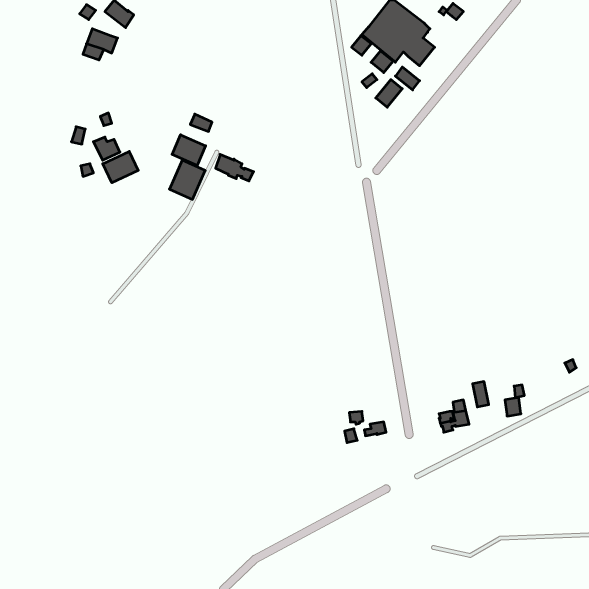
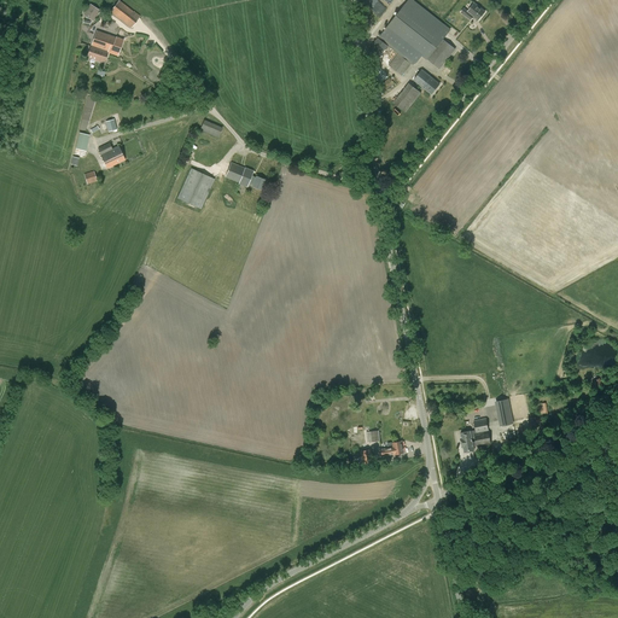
building: [172,135,206,165] -> none
building: [103,151,138,183] -> none

